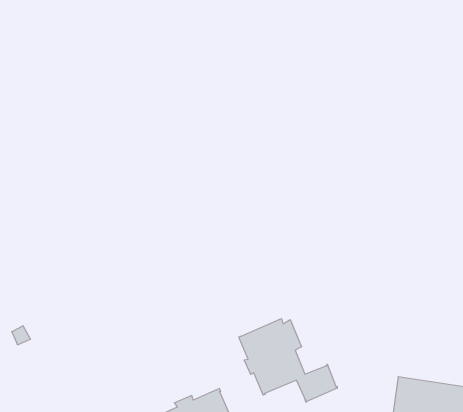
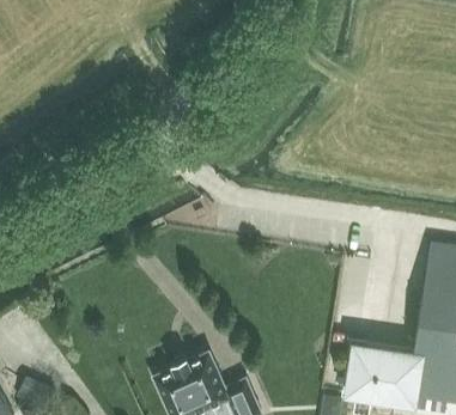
building: [239,319,337,402] -> none

